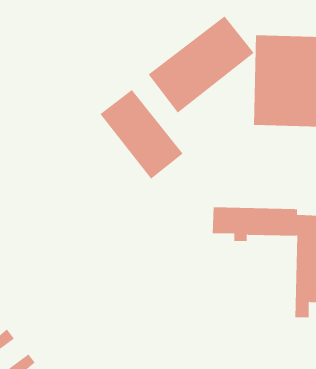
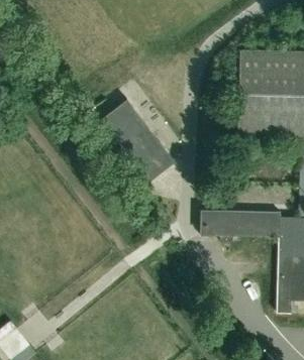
building: [148,15,255,113] -> none

